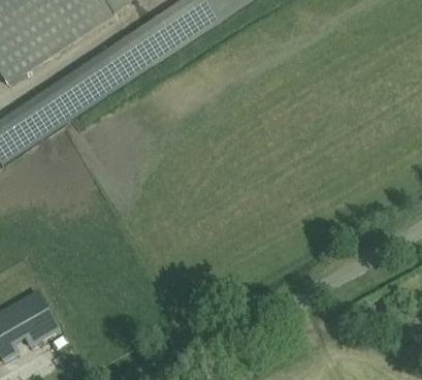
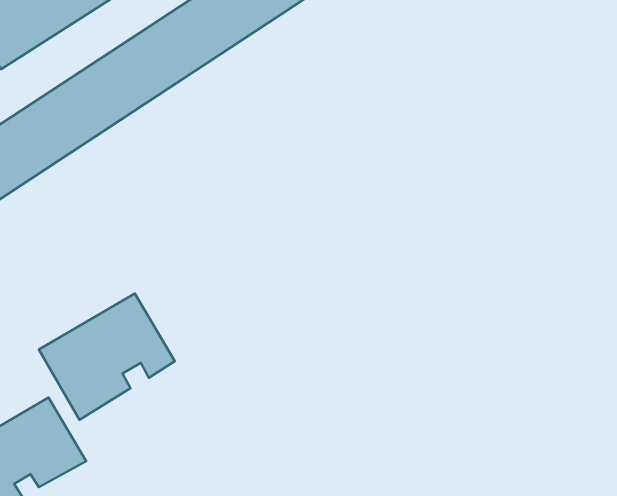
building: none -> [39,293,175,420]

